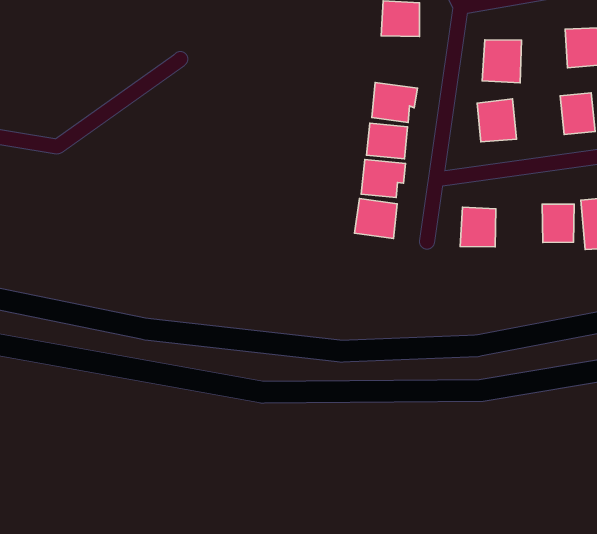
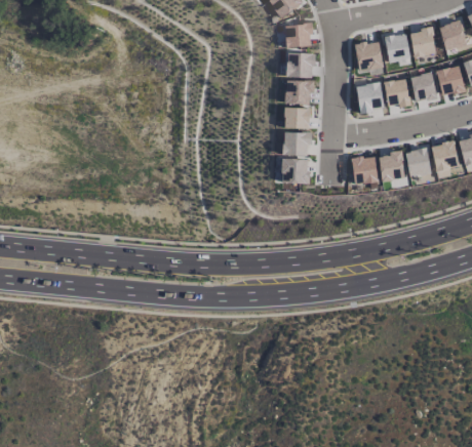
building: none -> [386,34,410,64]
building: none -> [287,53,315,78]
building: none -> [386,79,409,107]
building: none -> [380,153,404,181]

